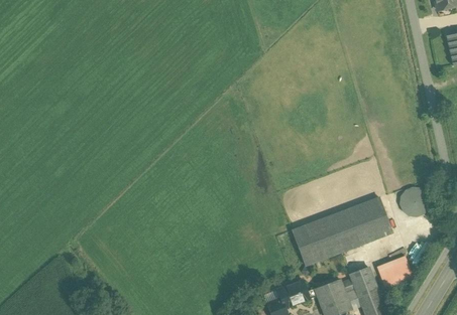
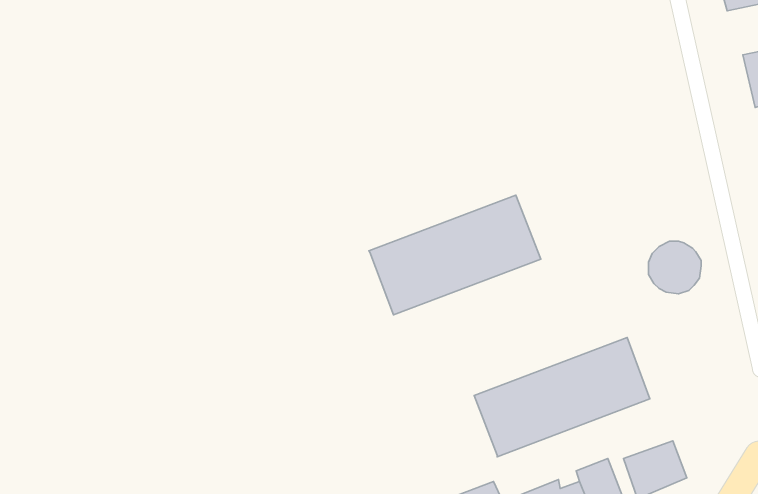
building: none -> [369,195,541,315]
building: [399,187,430,217] -> [649,241,701,294]

